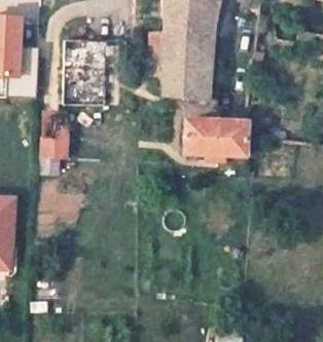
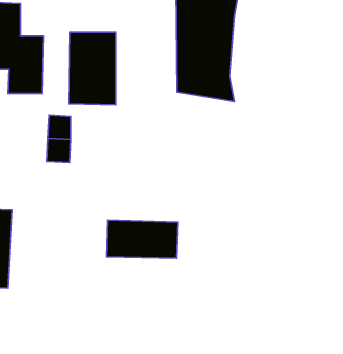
building: [181,121,245,155] -> [106,220,178,258]

